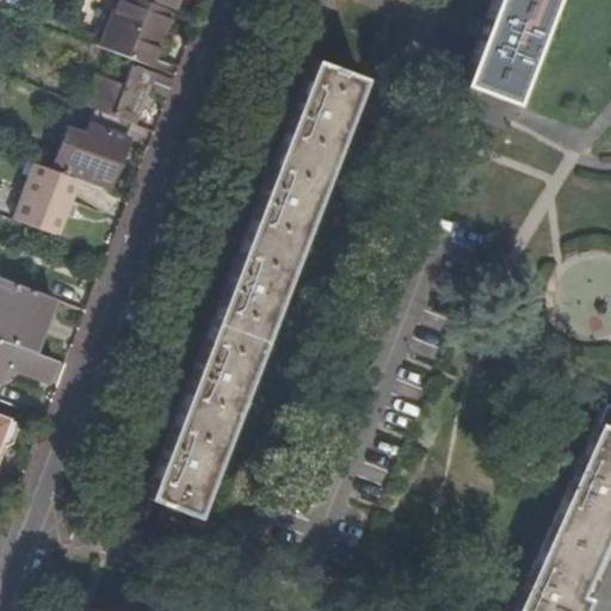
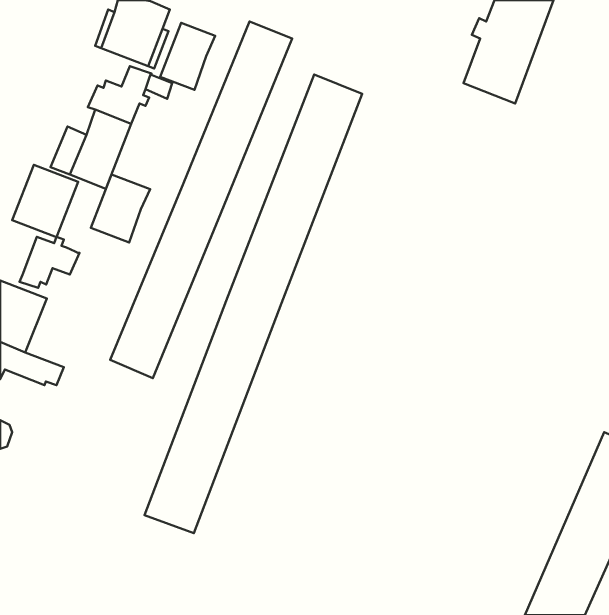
building: none -> [110,22,292,378]
building: none -> [160,23,215,90]
building: none -> [91,174,150,242]
building: none -> [19,237,79,288]

